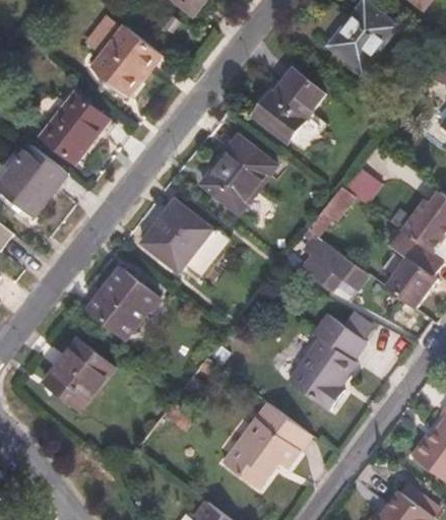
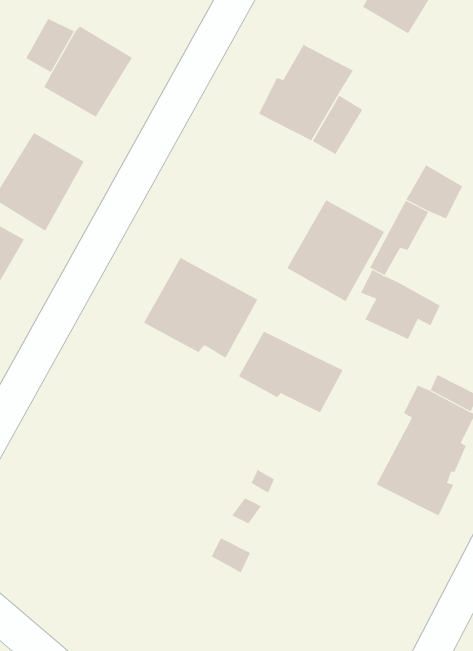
building: [202,138,275,212] -> [286,199,385,302]
building: none -> [238,331,344,413]
building: [88,272,157,340] -> none
building: [42,341,112,410] -> none
building: [222,404,310,492] -> none

